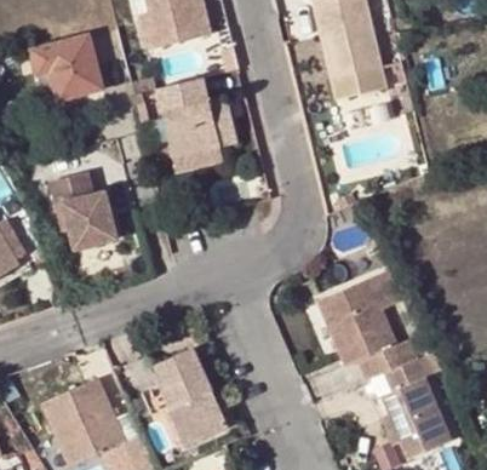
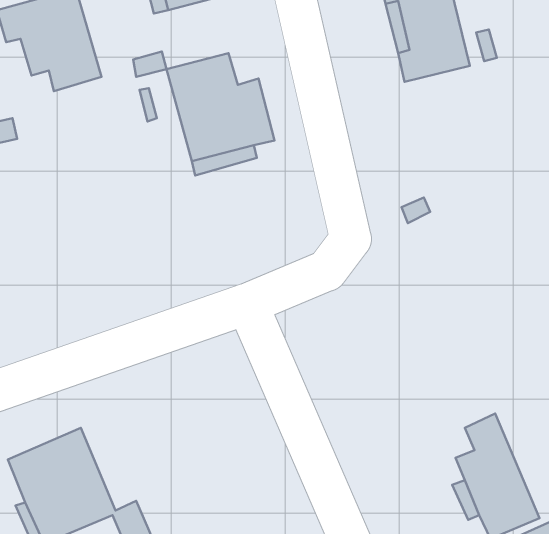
building: [48,166,115,243] -> none
building: [317,276,417,378] -> none
building: [151,342,223,440] -> none

